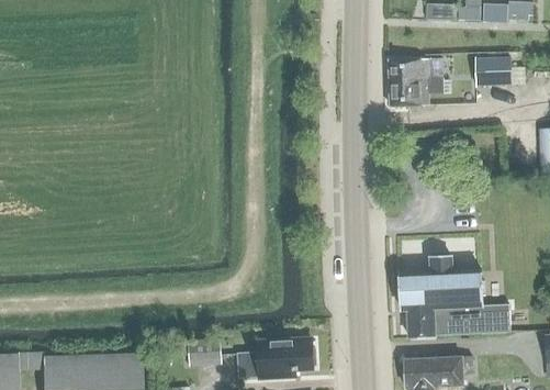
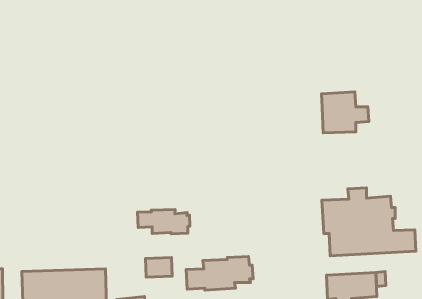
building: [474,57,510,86] -> none
building: [388,58,444,107] -> [321,92,369,133]
building: none -> [138,209,190,234]

